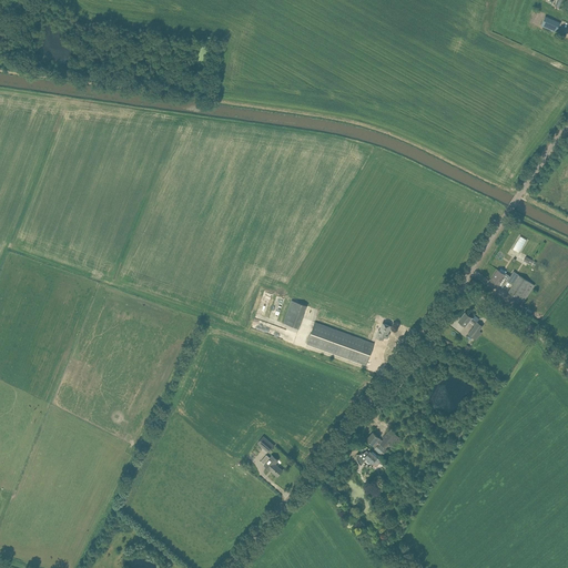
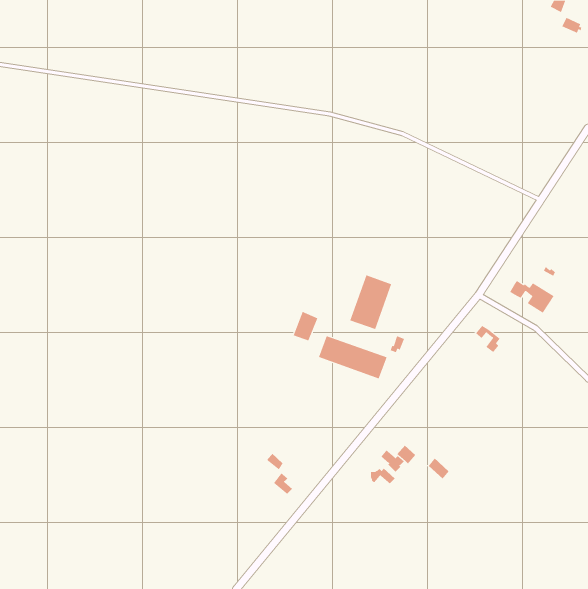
building: none -> [350,275,392,330]

